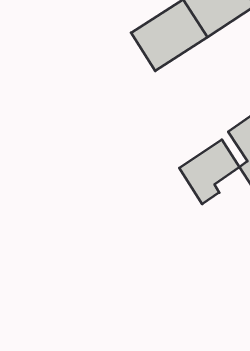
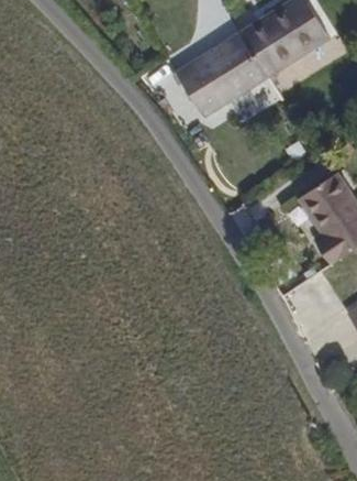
building: [179,140,240,204] -> none

